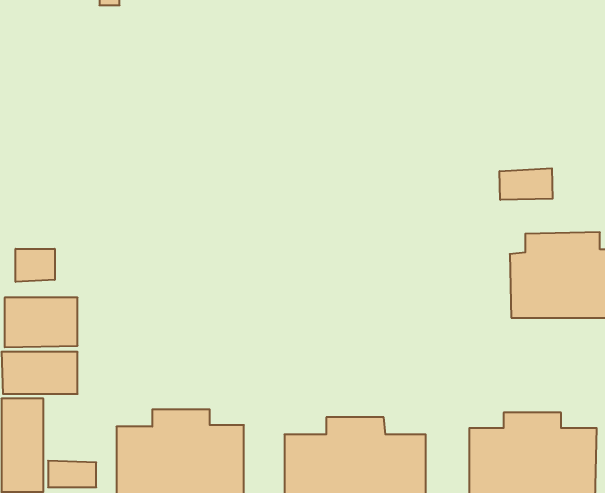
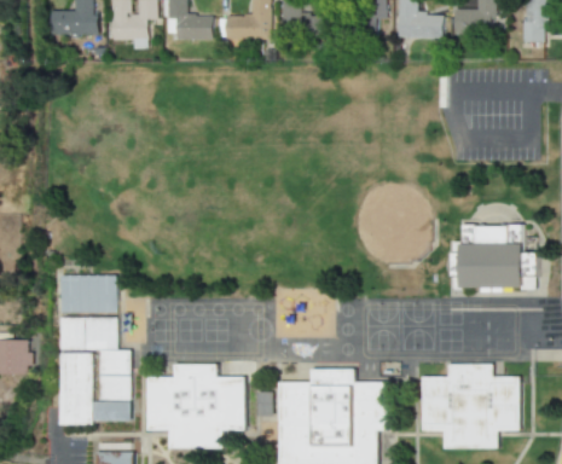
building: [500,168,553,200] -> none
building: [16,249,55,282] -> none
building: none -> [98,352,131,402]

